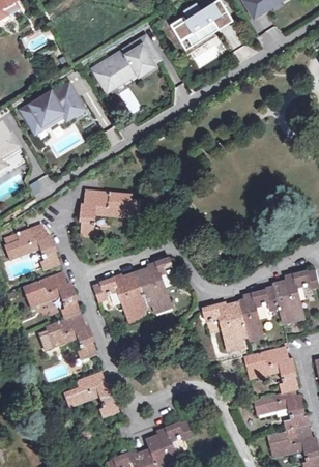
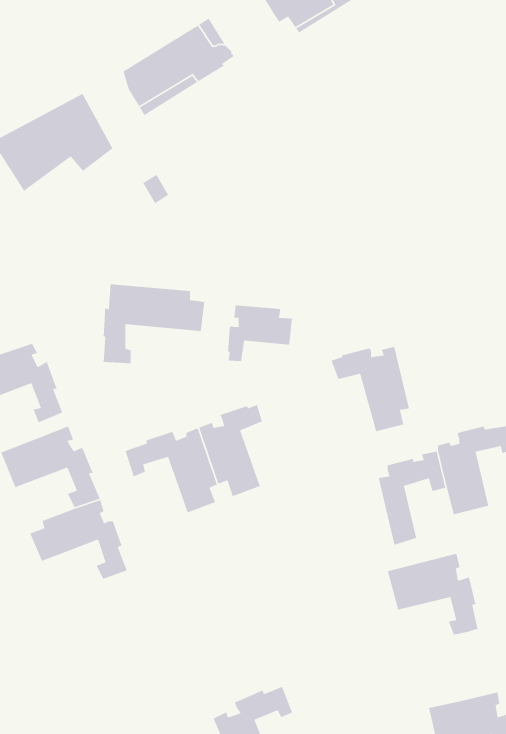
building: none -> [227,304,293,362]
building: [202,300,248,350] -> [331,346,410,432]
building: [63,371,117,417] -> none
building: [254,390,309,430] -> none

